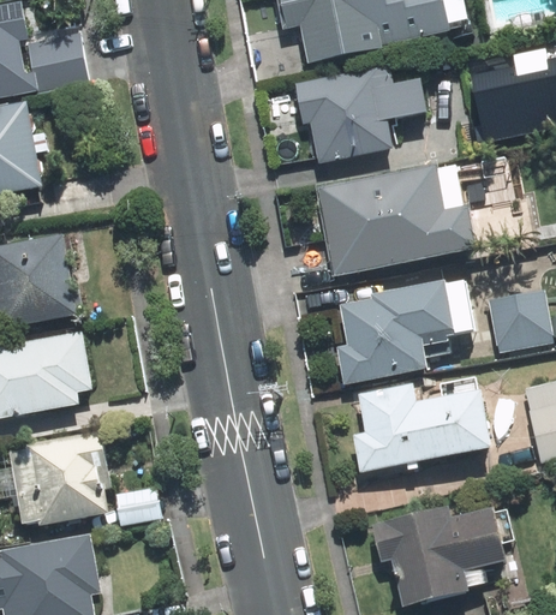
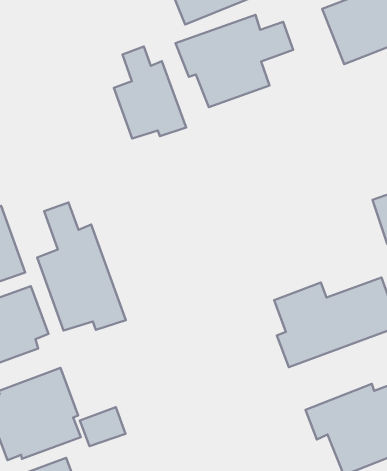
building: none -> [114,47,186,139]
building: [317,163,478,275] -> none
building: none -> [37,202,126,331]
building: [336,281,456,384] -> none

